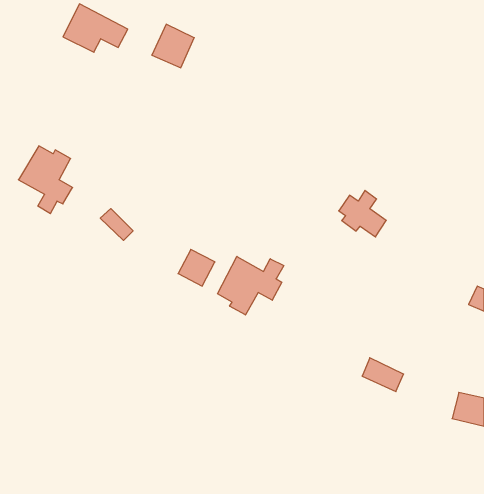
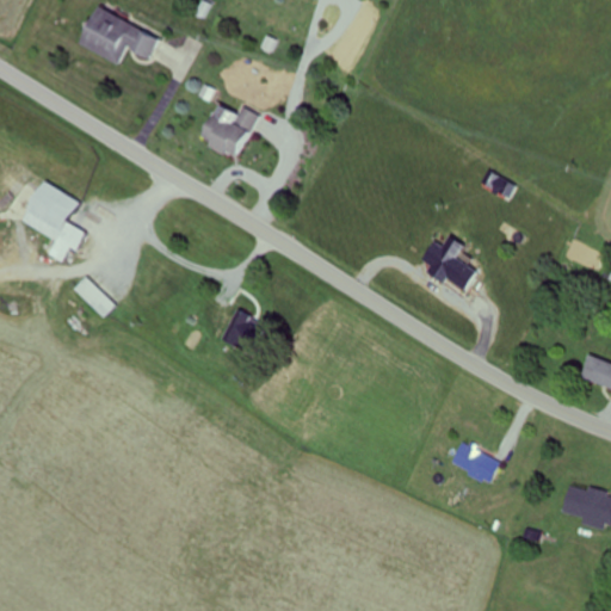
building: [152,24,194,68] -> [199,104,252,158]
building: [100,209,133,240] -> [73,277,113,316]
building: [218,256,284,315] -> none

